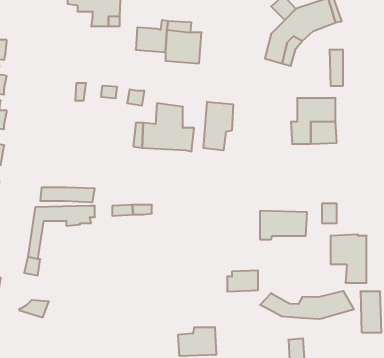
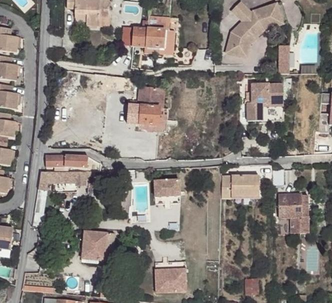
building: [204,102,233,150] -> none
building: [227,270,258,291] -> [154,179,179,196]
building: none -> [81,230,114,261]
building: [260,291,354,319] -> none

